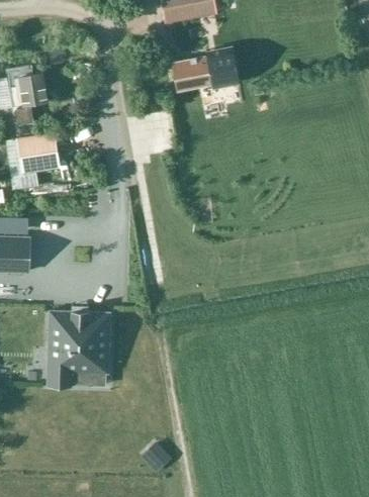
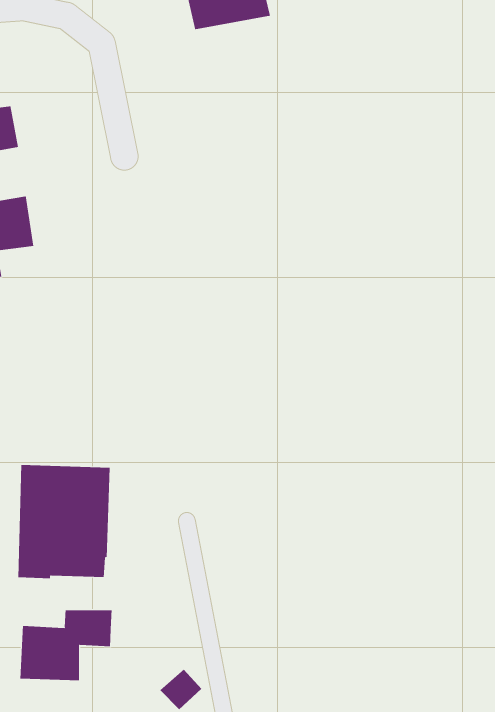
building: [172,46,240,90] -> none
building: none -> [20,609,112,681]

